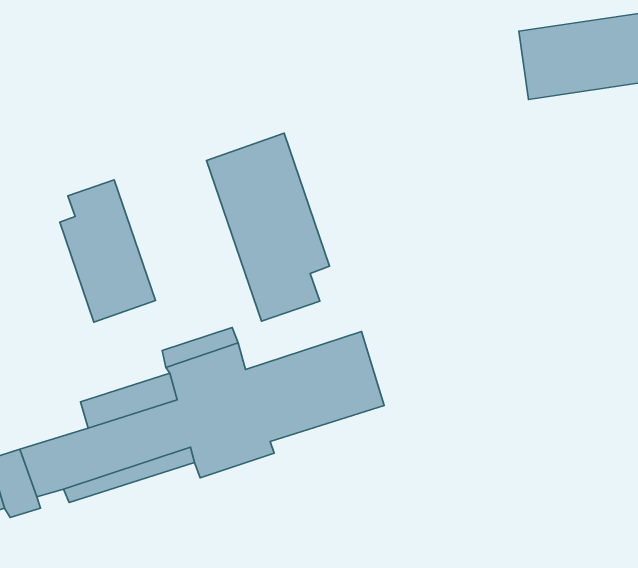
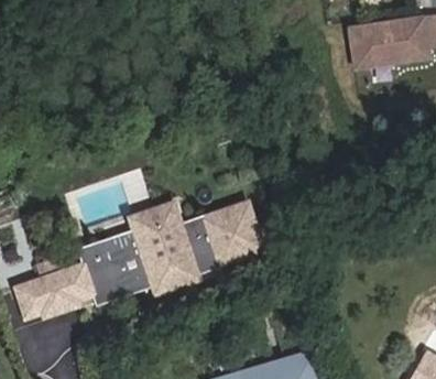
building: [206,133,329,321] -> none
building: [60,180,155,322] -> none

